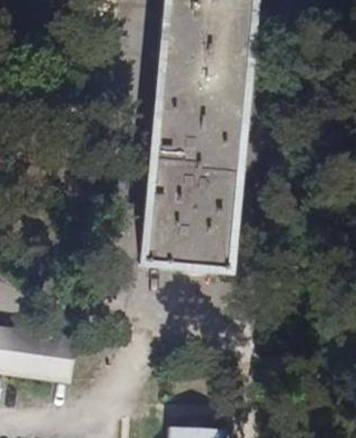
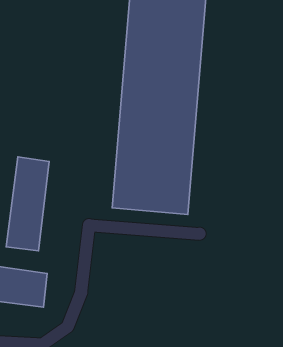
building: none -> [6,157,49,251]

